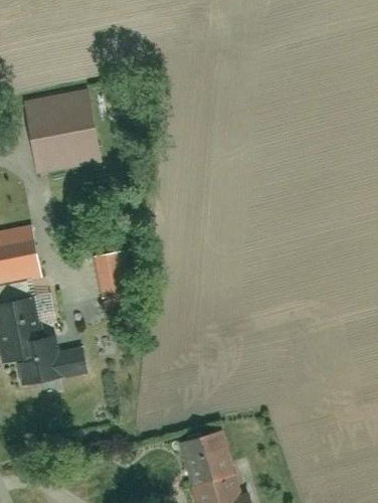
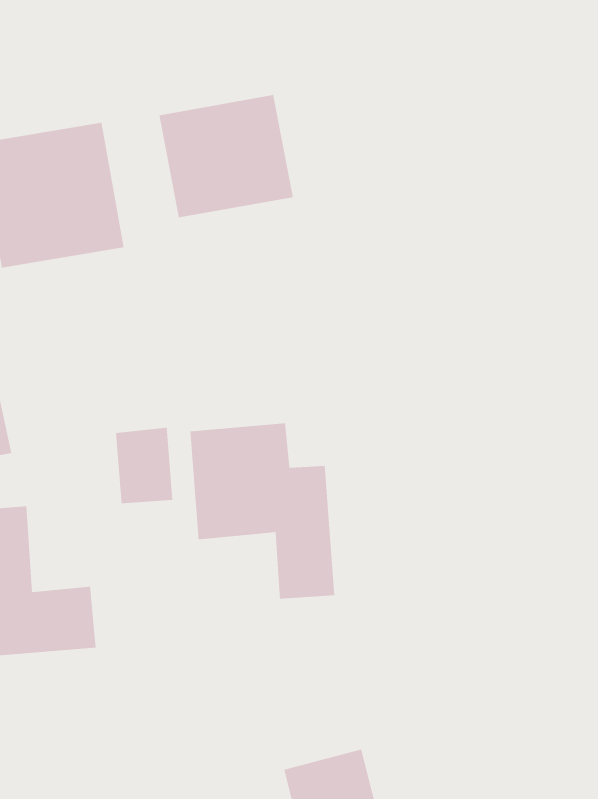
building: none -> [159,94,293,218]
building: none -> [190,423,335,599]

